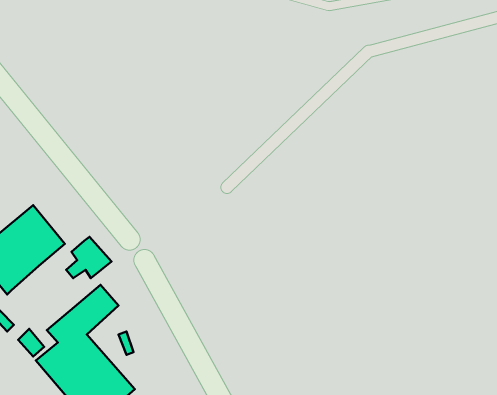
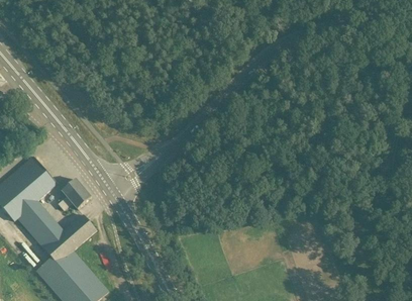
building: none -> [17,200,64,247]

